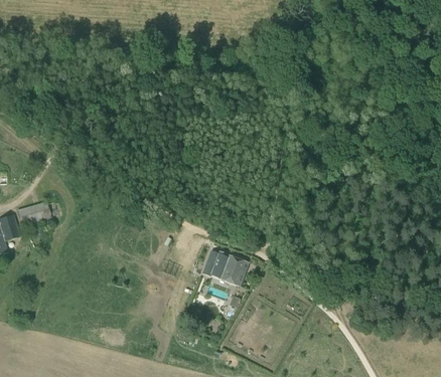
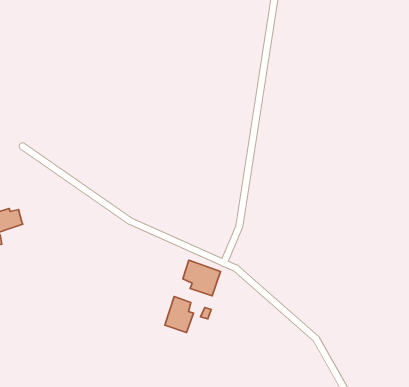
building: none -> [165,297,193,333]

